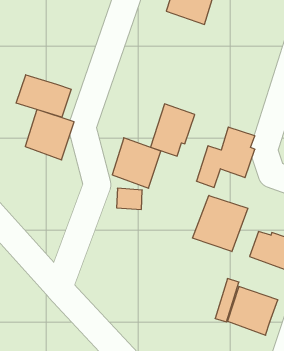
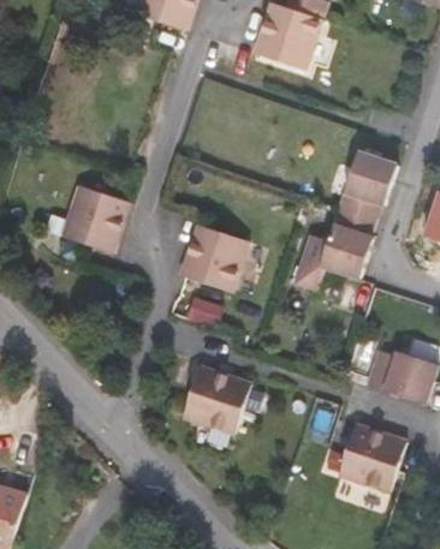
building: [16,75,71,117] -> none
building: [150,104,195,156] -> [338,149,398,220]
building: [192,195,248,252] -> none
building: none -> [184,366,251,432]

